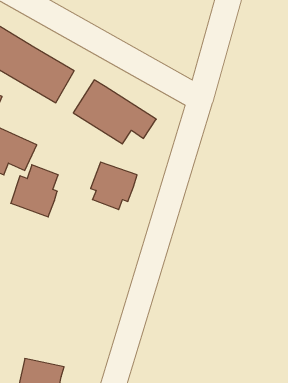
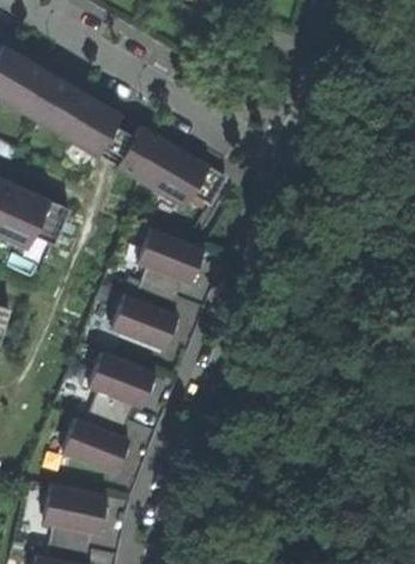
building: [11,165,58,217] -> [112,282,175,350]
building: none -> [62,355,152,477]

